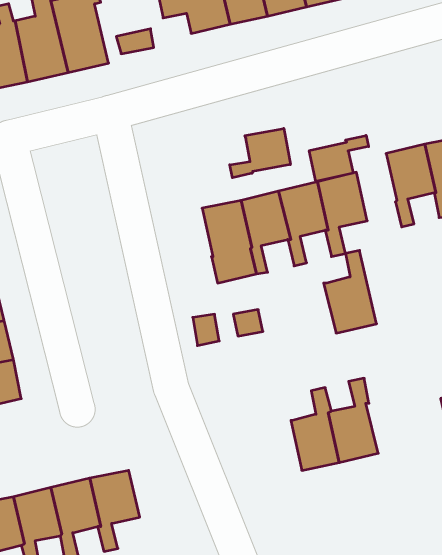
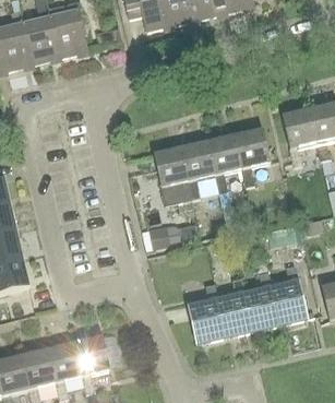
building: [230,128,290,178] -> none
building: [309,135,369,182] -> none
building: [324,250,377,333] -> [270,265,307,323]
building: none -> [188,283,225,342]

